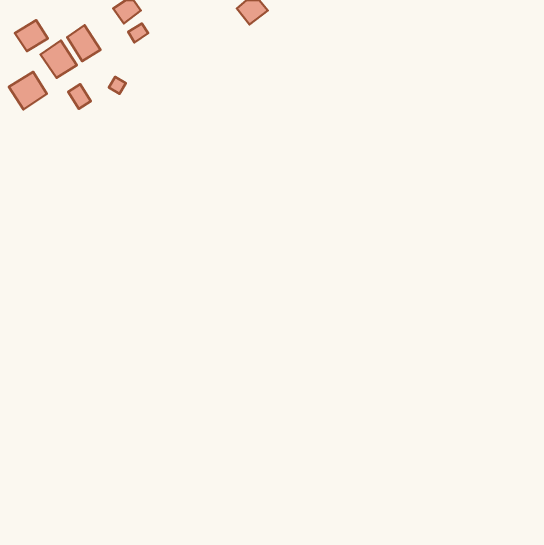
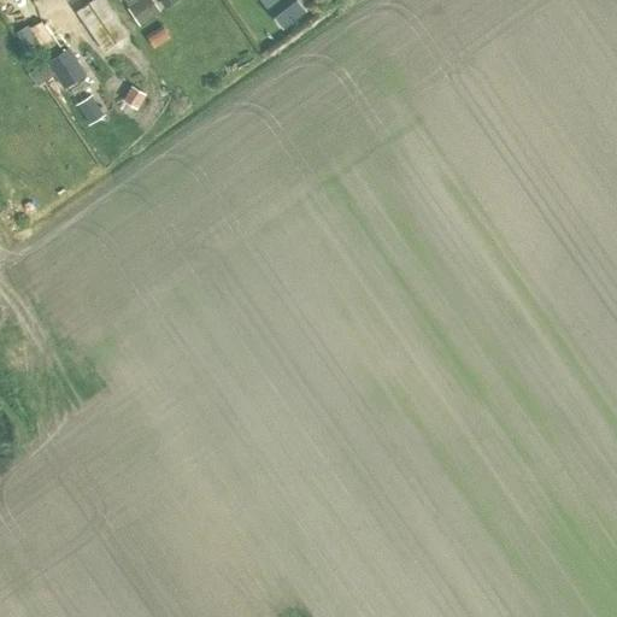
building: [67,25,101,61] -> none
building: [9,72,47,109] -> none

